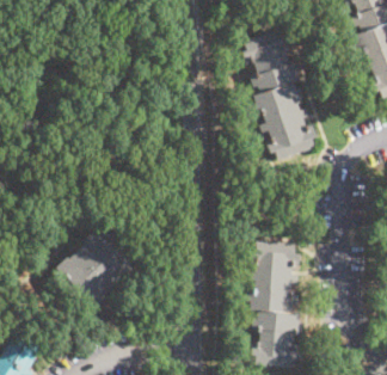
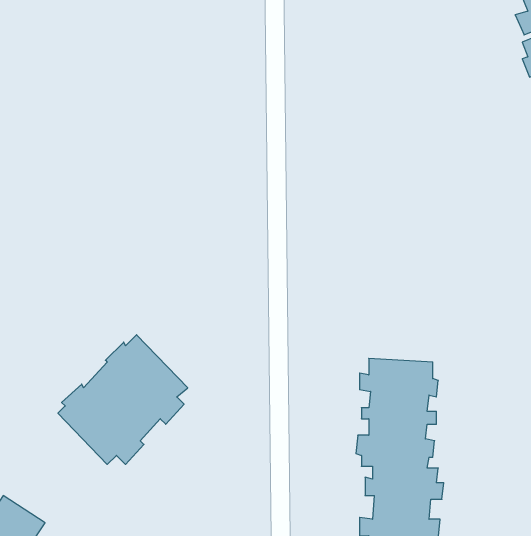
building: [240,30,317,160] -> none

